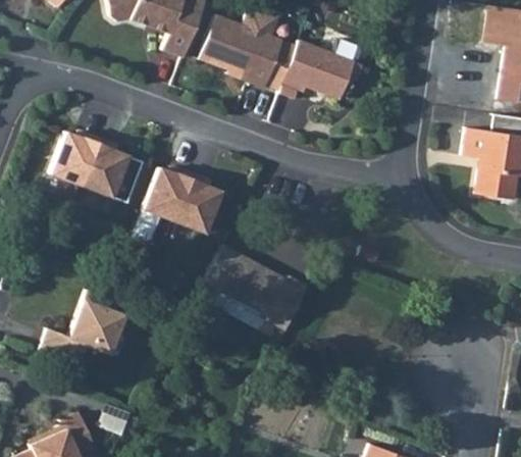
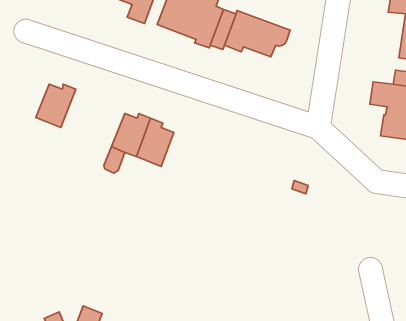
building: [82,139,128,197] -> none
building: [207,249,313,336] -> none
building: [40,287,123,361] -> none

